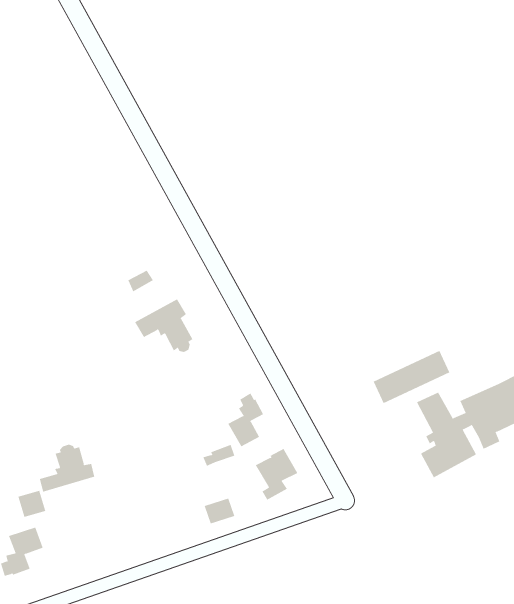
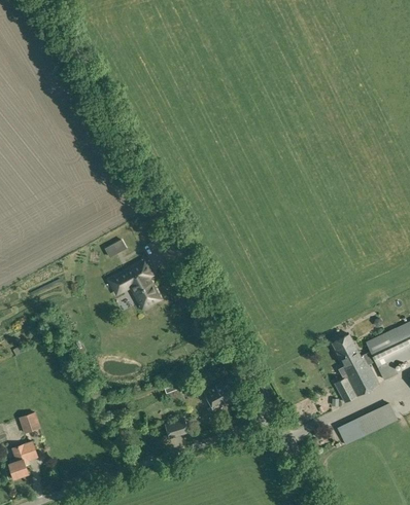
building: [373,350,450,404] -> [337,402,398,444]
building: [228,392,264,447] -> none
building: [39,444,95,492] -> none

